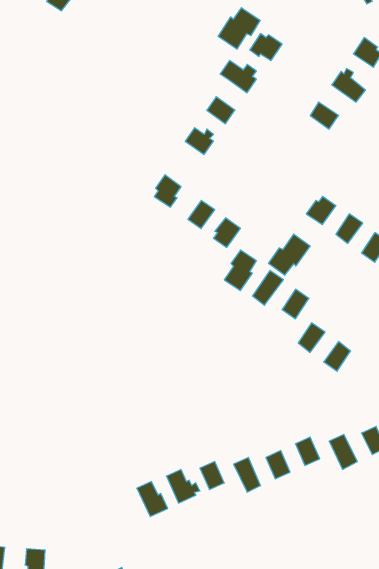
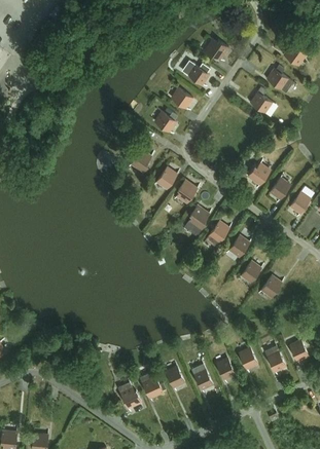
building: [218,8,260,49] -> none
building: [269,234,310,275] -> none

